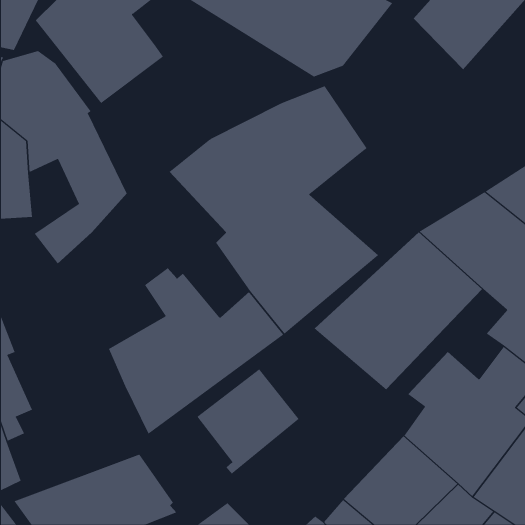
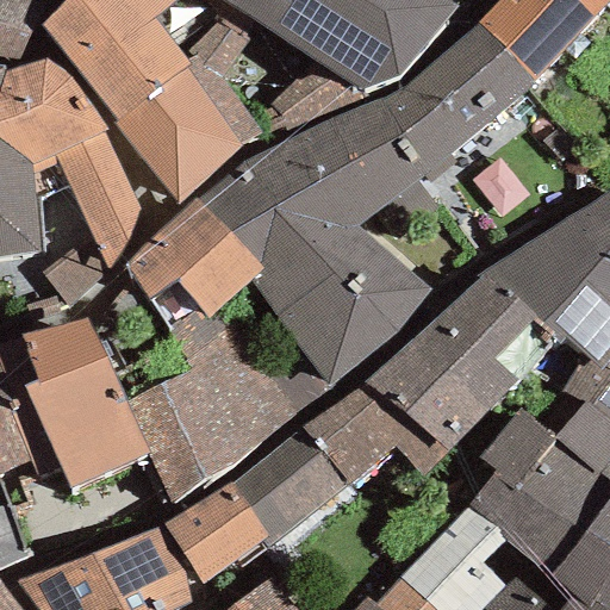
building: none -> [113,17,264,204]
building: none -> [378,21,537,183]
building: none -> [124,199,262,330]
building: none -> [20,317,149,488]
building: none -> [301,380,448,485]
building: none -> [163,483,269,581]

